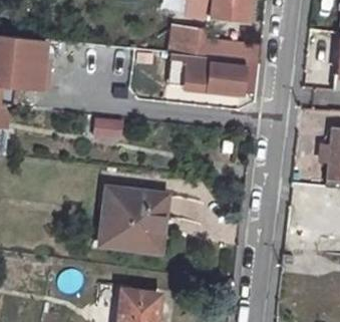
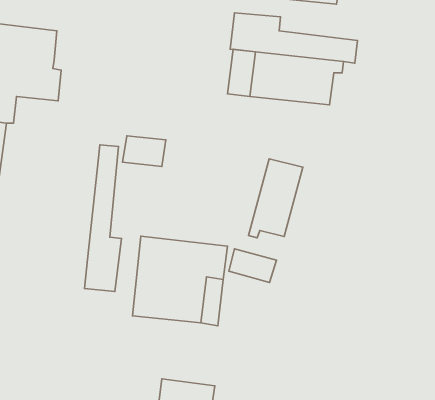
building: none -> [84,145,121,292]
building: none -> [249,159,303,238]

